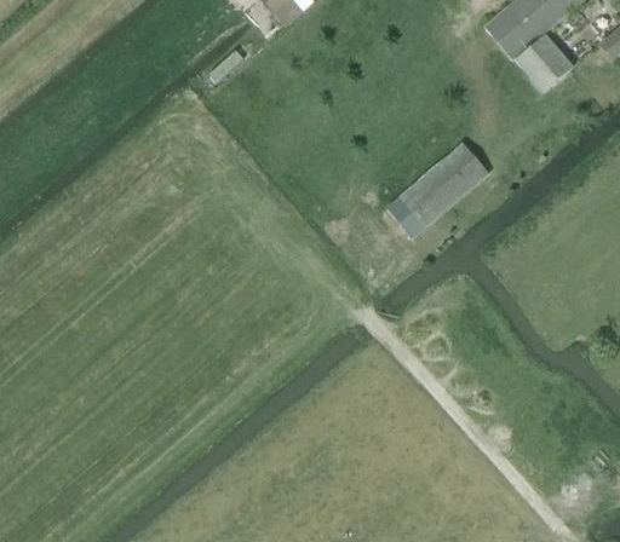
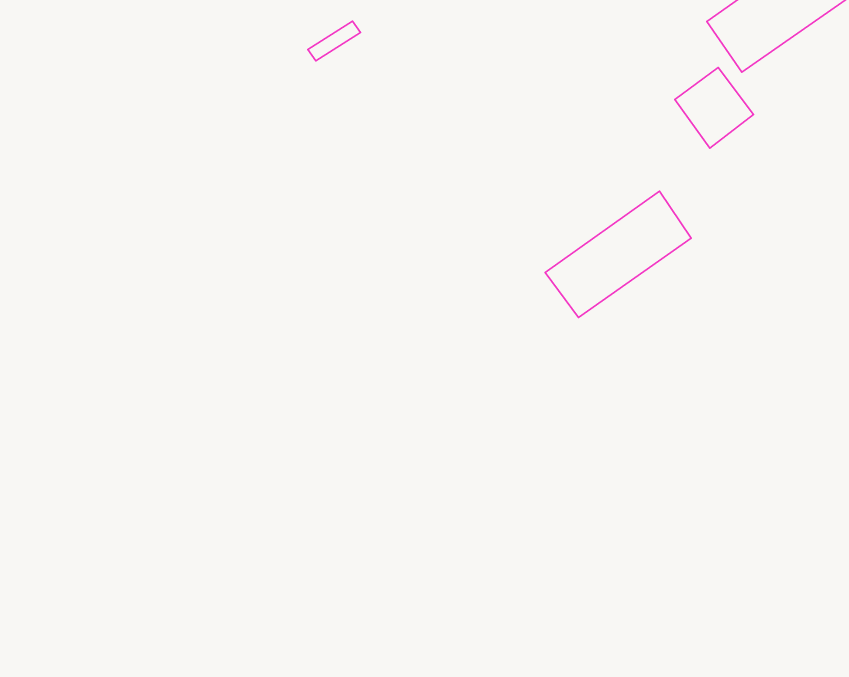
building: [517,35,572,91] -> [675,68,753,148]

